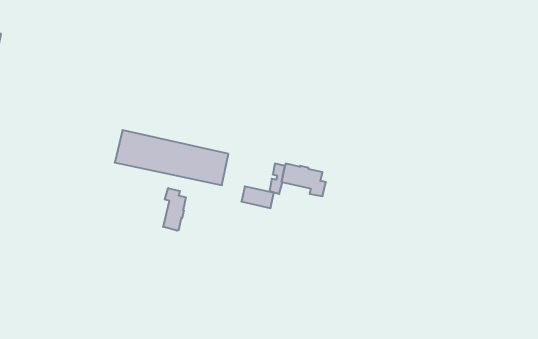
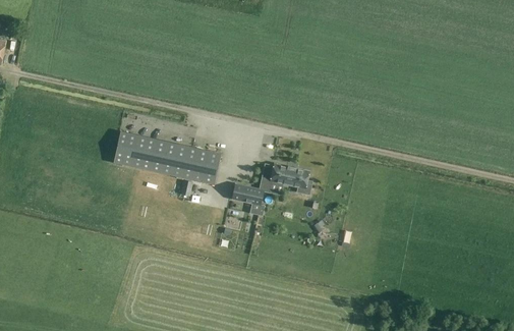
building: [163,188,186,231] -> none

